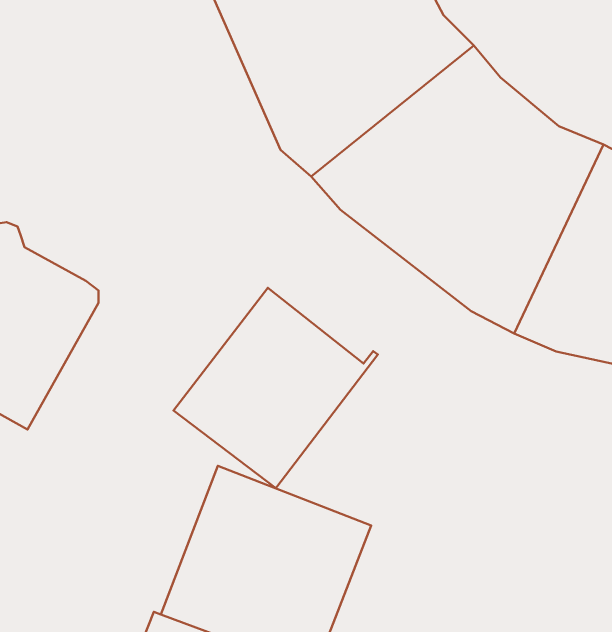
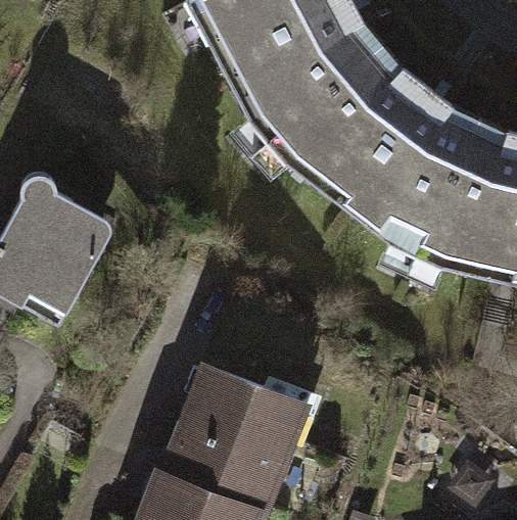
building: [173,288,378,488] -> none

